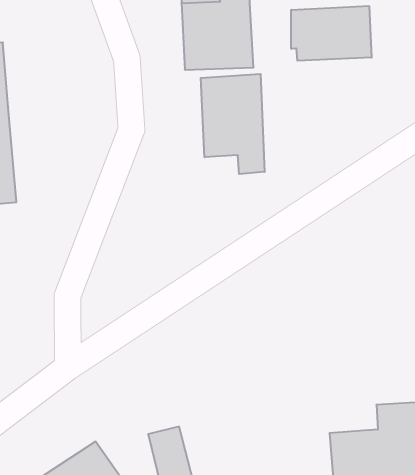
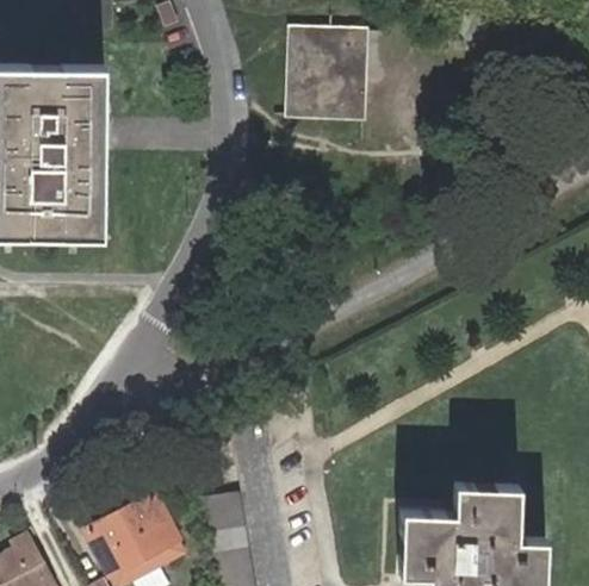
building: [291,6,372,61] -> none
building: [201,74,265,174] -> none

